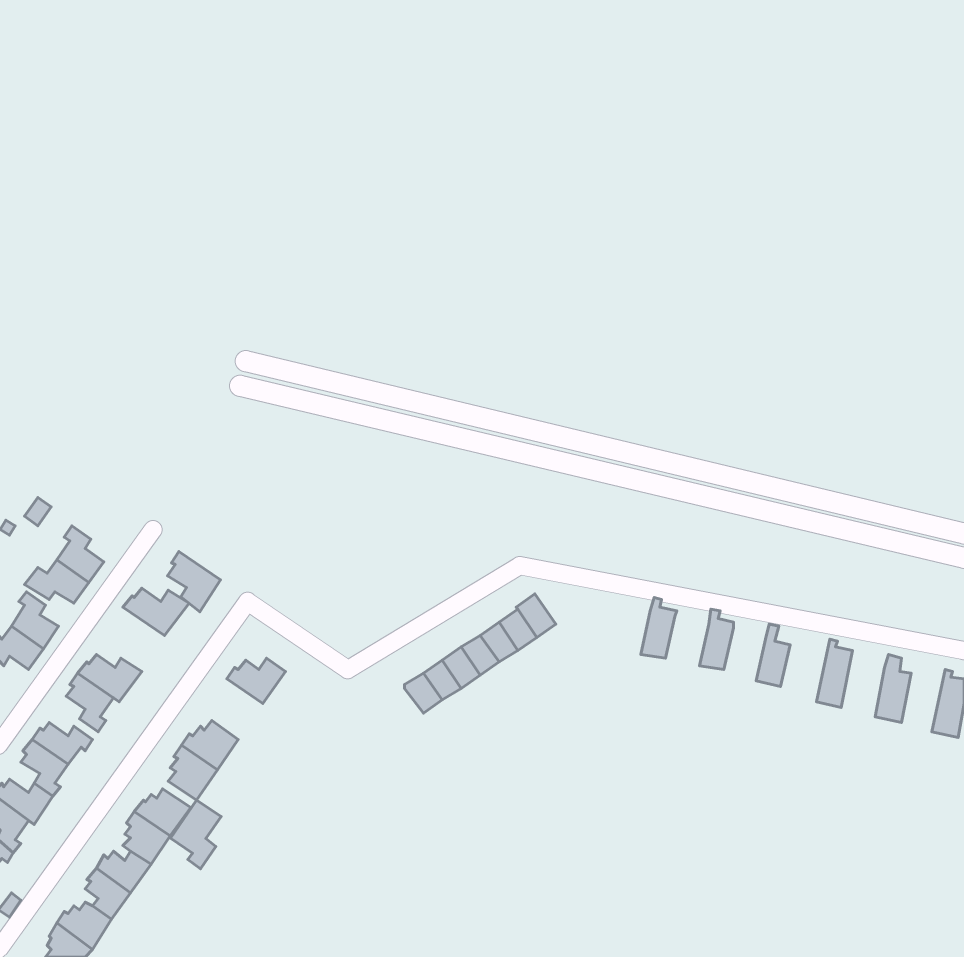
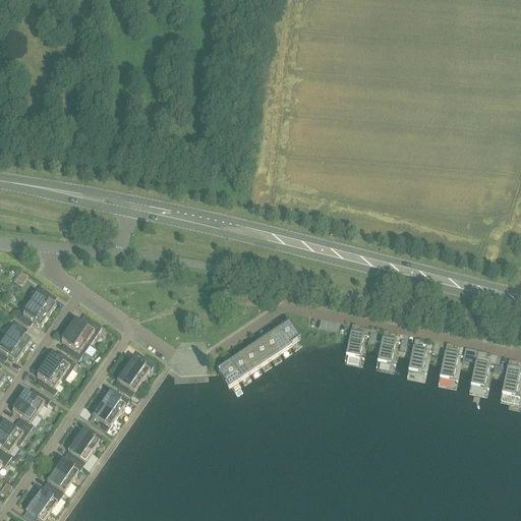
building: [168,551,221,612] -> [60,327,89,359]
building: none -> [116,365,141,396]
building: [171,800,221,869] -> none

